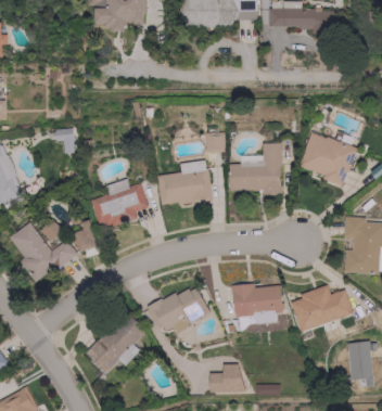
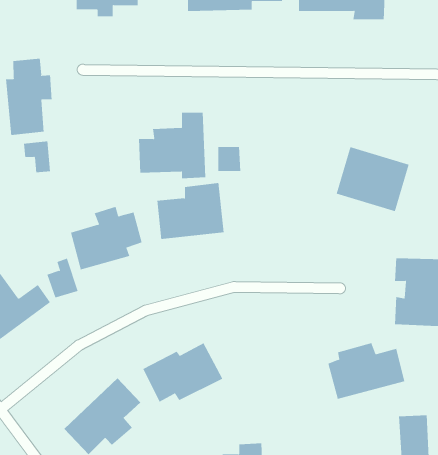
building: none -> [6,58,52,136]
building: [229,143,282,195] -> [138,112,206,179]
building: [233,284,281,323] -> none

